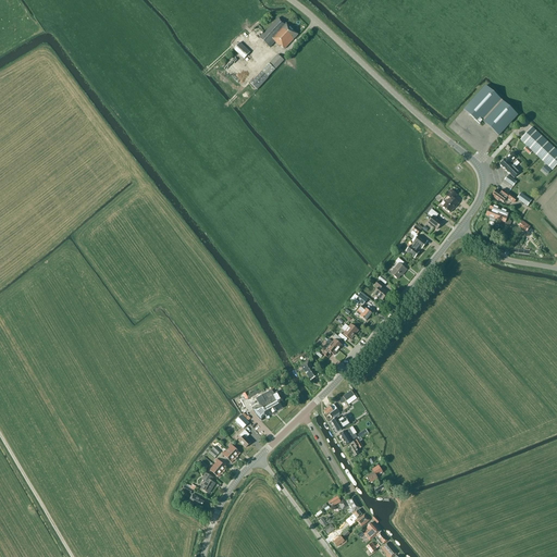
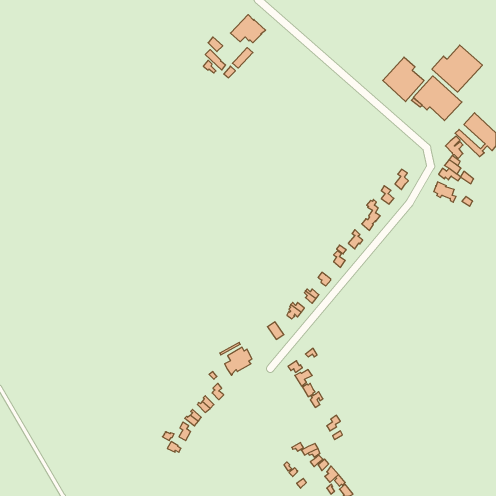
building: none -> [432,45,482,92]
building: none -> [383,57,424,102]

